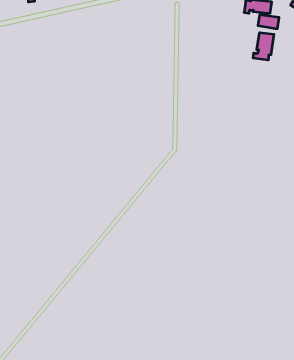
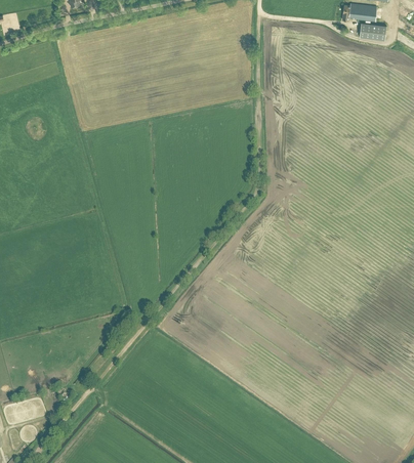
building: [253,33,274,60] -> none

